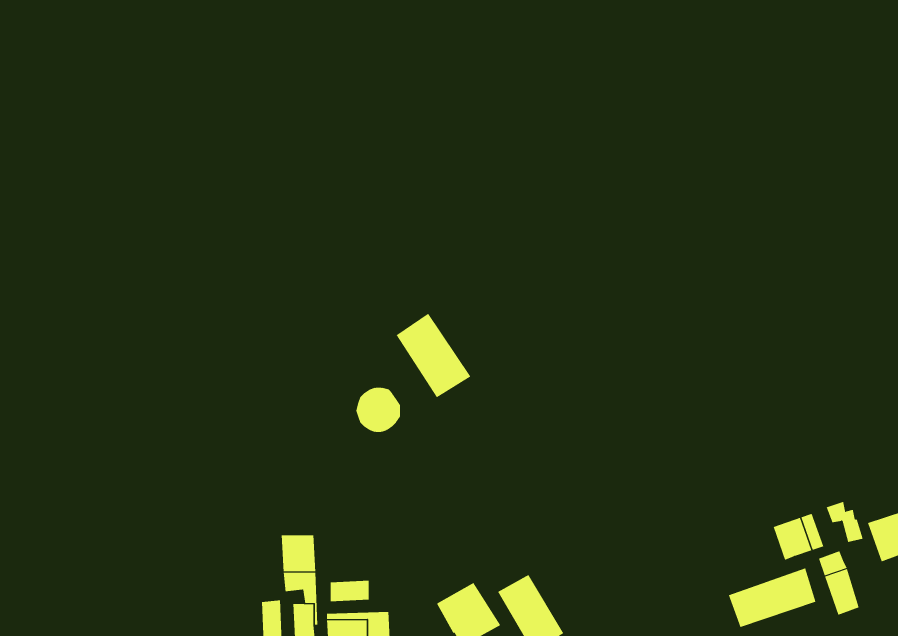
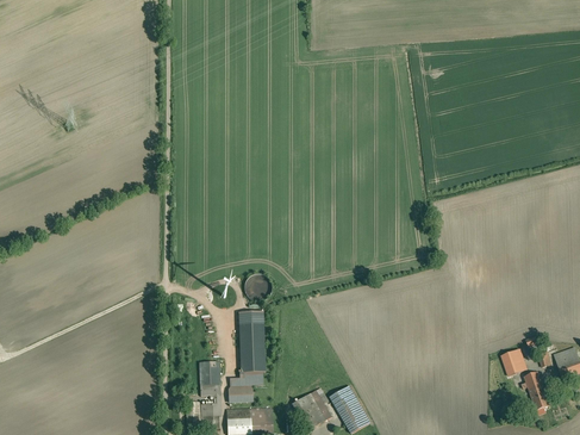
building: [396,313,471,398] -> none
building: none -> [239,323,266,372]
building: [728,567,816,628] -> none

